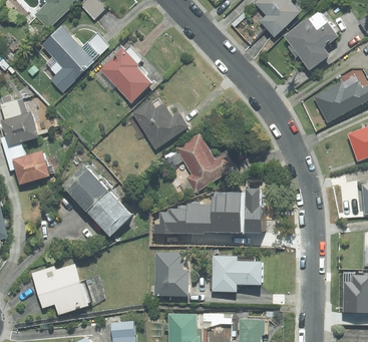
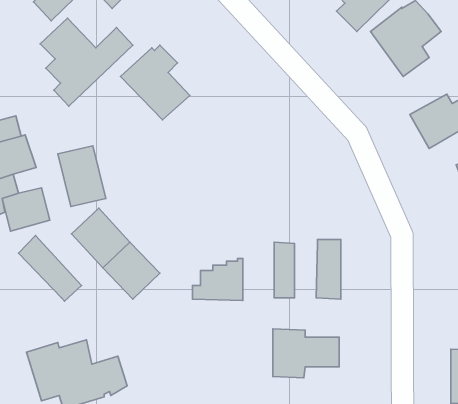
building: [131,100,188,149] -> none
building: none -> [58,146,106,206]
building: [163,135,234,196] -> none
building: none -> [18,235,82,301]
building: [228,193,245,233] -> none
building: [190,204,213,235] -> none
building: [153,253,188,296] -> none

